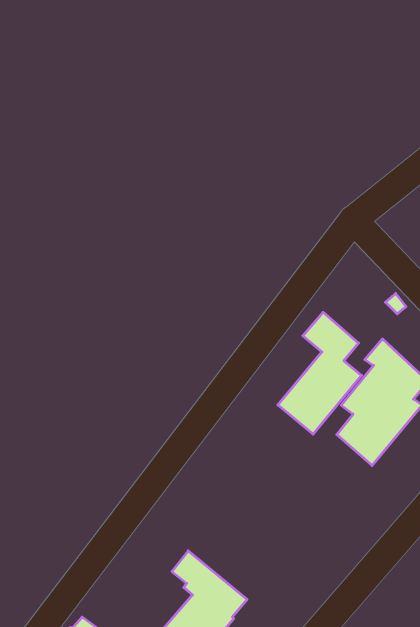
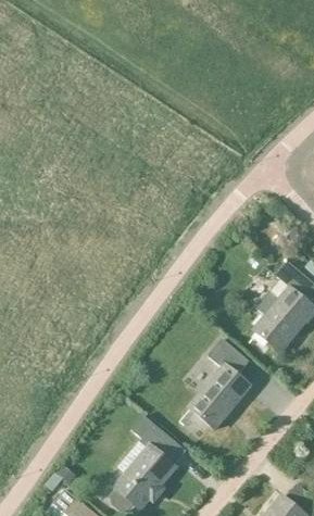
building: [278,312,362,434] -> [188,339,250,429]

